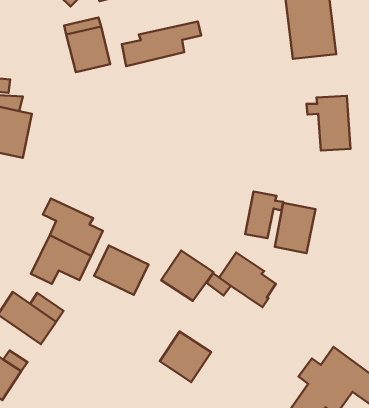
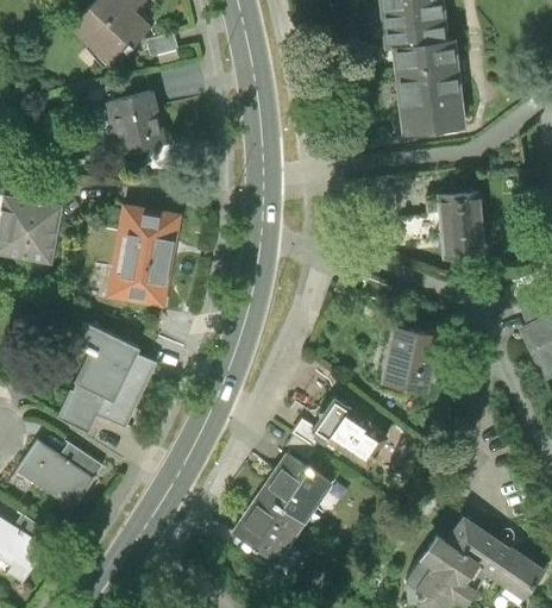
building: [122,21,201,66] -> none
building: none -> [107,203,182,307]
building: [245,191,283,238] -> none
building: [94,245,149,295] -> none
building: [161,251,214,301] -> [257,457,326,524]

